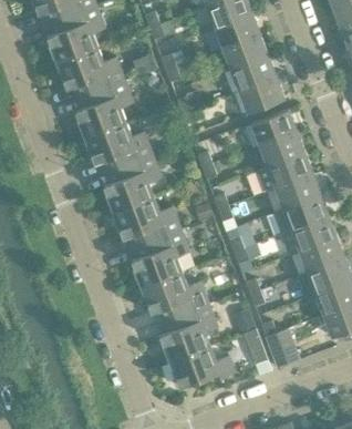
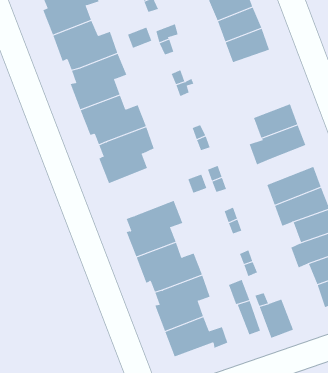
building: [238,76,284,113] -> none
building: [251,109,297,145] -> none
building: [276,173,320,208] -> none
building: [113,196,179,247] -> none

